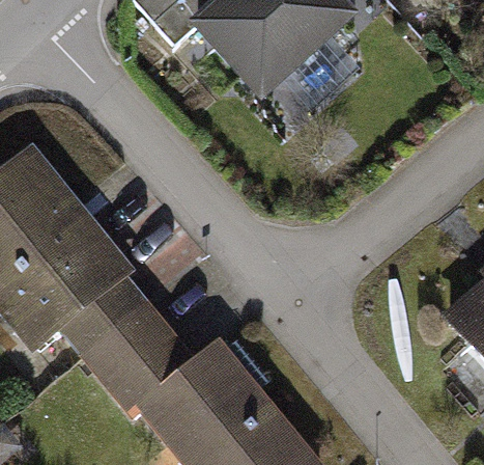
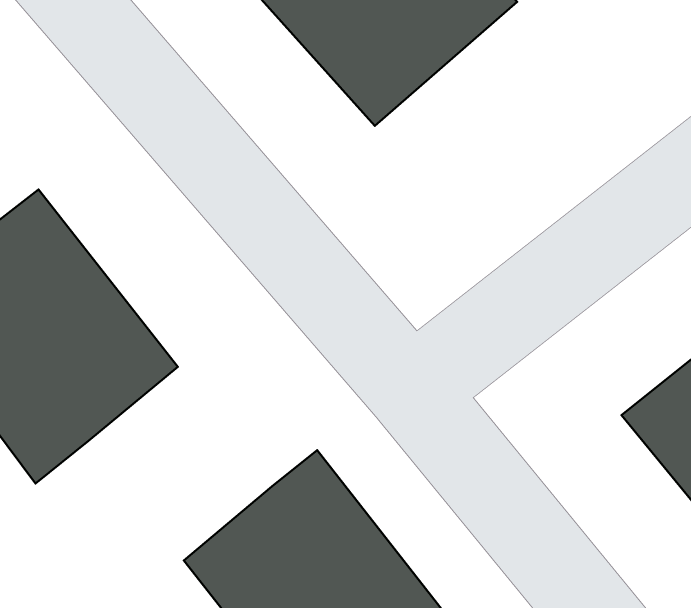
building: [66,273,192,406] -> none

